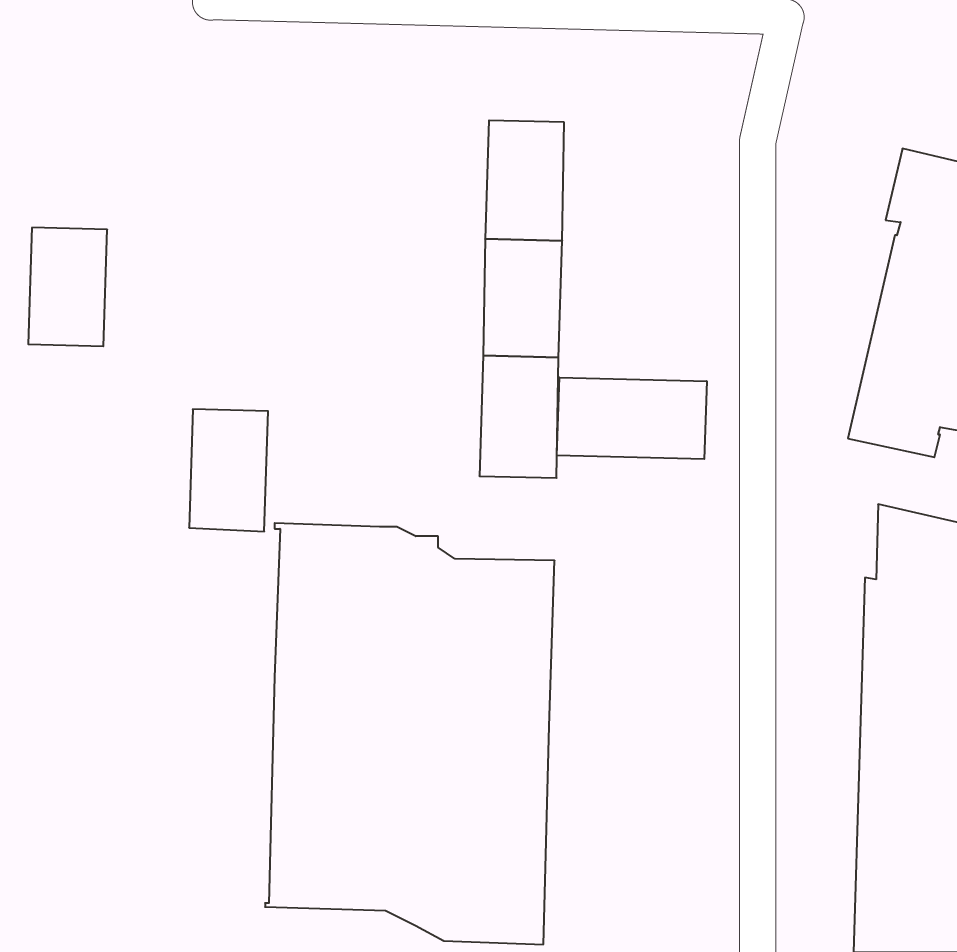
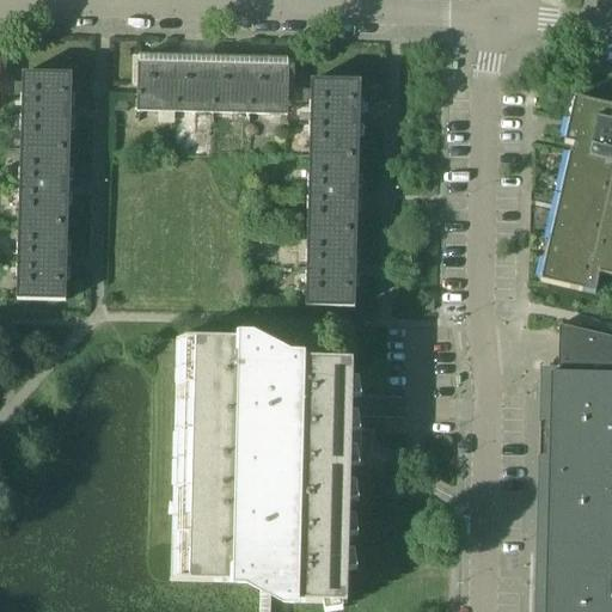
building: none -> [139,57,289,111]
building: none -> [23,68,73,146]
building: [557,377,707,459] -> none
building: [189,409,268,531] -> [18,219,68,296]

